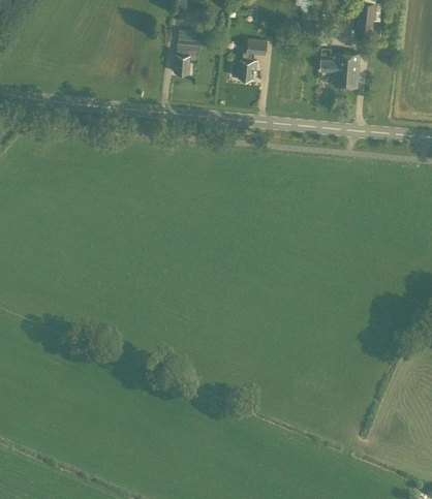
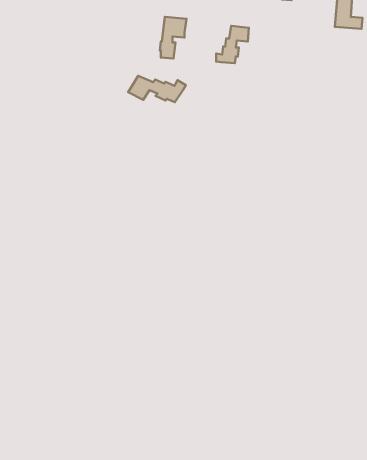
building: [319,53,359,87] -> none
building: none -> [128,76,186,102]

